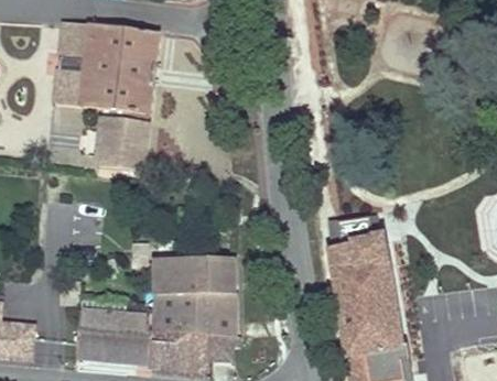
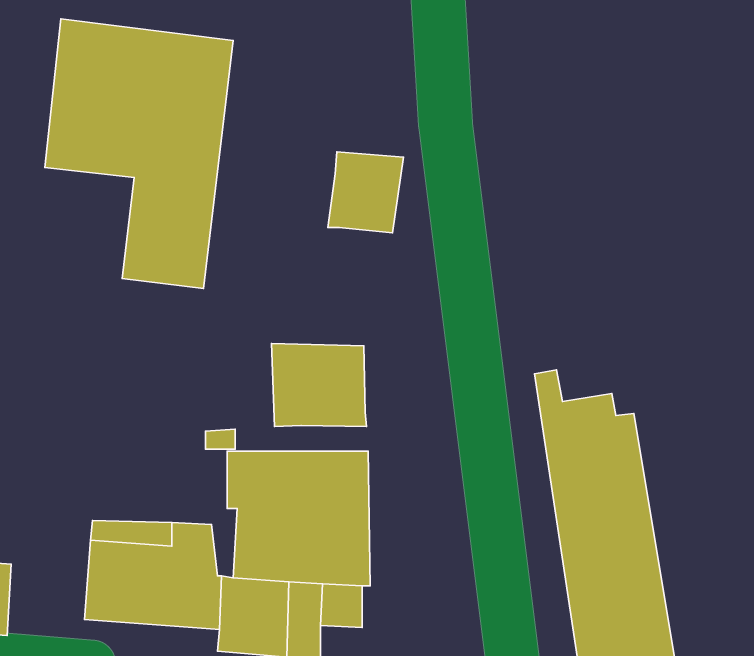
building: none -> [328,152,403,233]
building: none -> [272,344,367,426]

